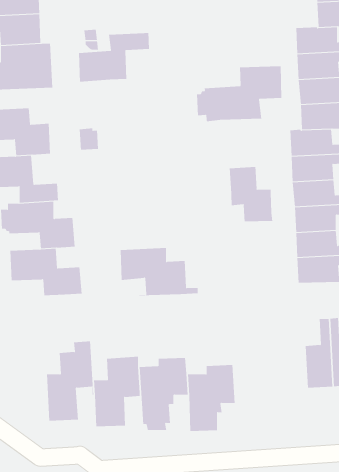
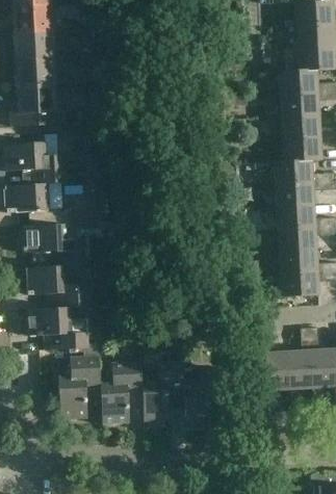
building: [78,32,150,82] -> none
building: [196,65,282,122] -> none
building: [229,166,273,222] -> none
building: [120,248,199,296] -> [28,308,98,350]
building: none -> [263,331,289,391]

